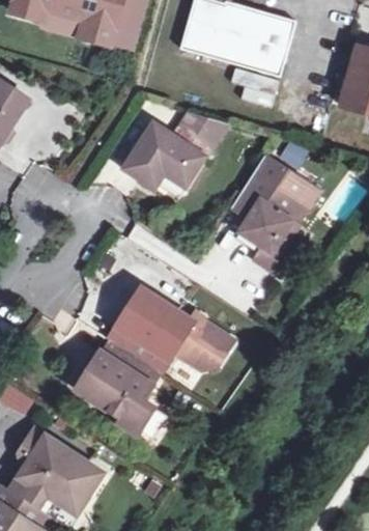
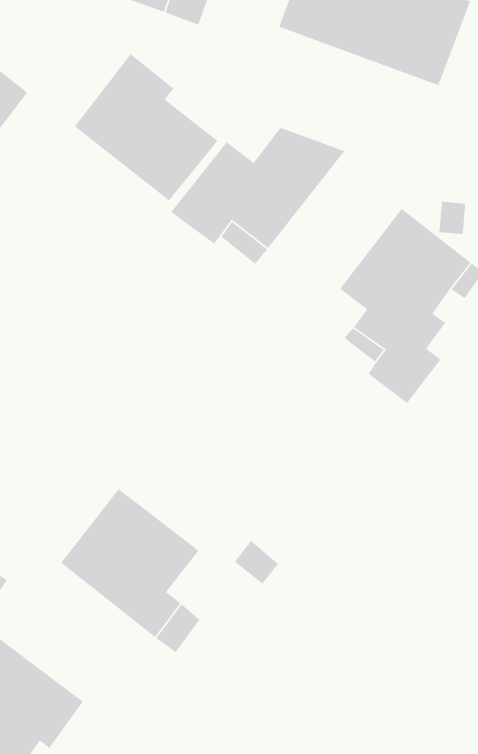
building: none -> [74,53,218,202]
building: [104,286,230,372] -> none

